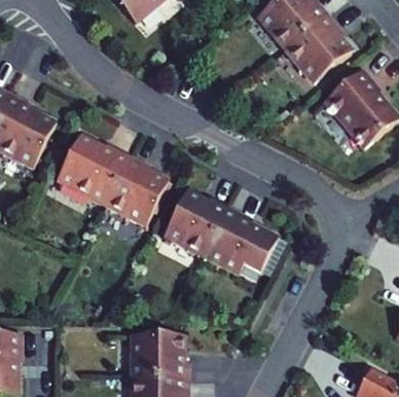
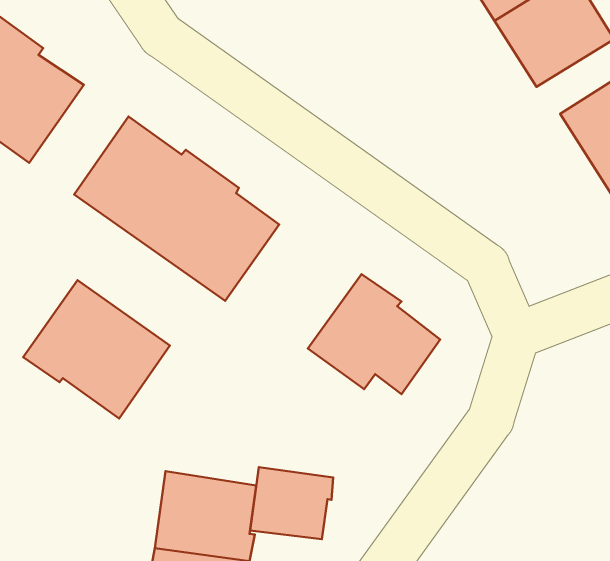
building: [165,187,228,251] -> none
building: none -> [23,280,170,418]
building: none -> [250,467,333,539]

